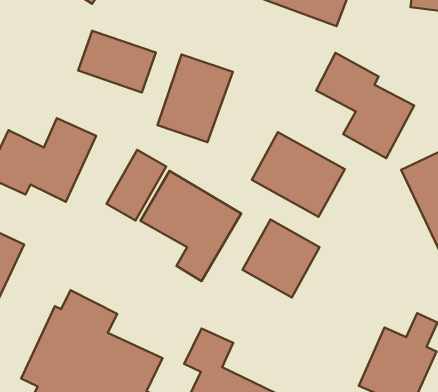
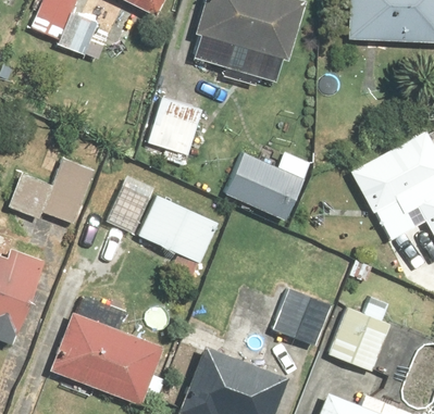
building: [78,31,156,92] -> none
building: [316,53,414,158] -> none
building: [243,220,319,298] -> [274,285,336,348]

